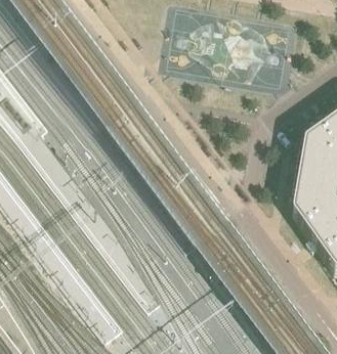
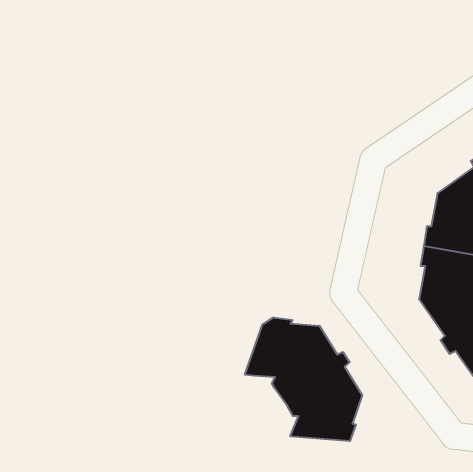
building: none -> [245,317,362,441]

